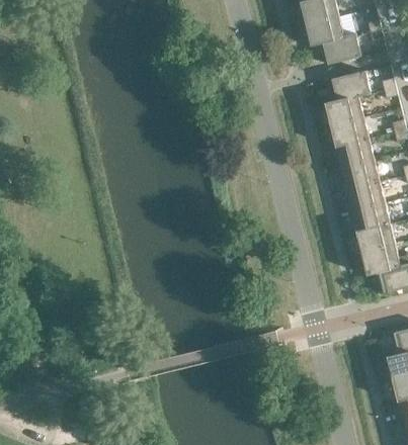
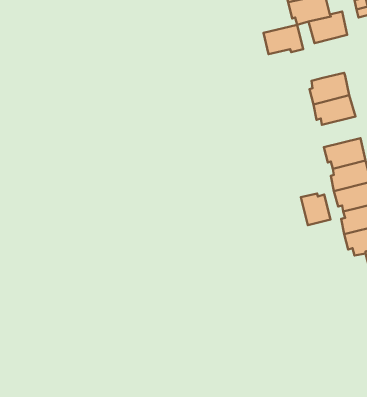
building: [332,70,372,99] -> [263,25,303,54]
building: [334,138,375,168] -> none
building: none -> [301,193,330,225]

